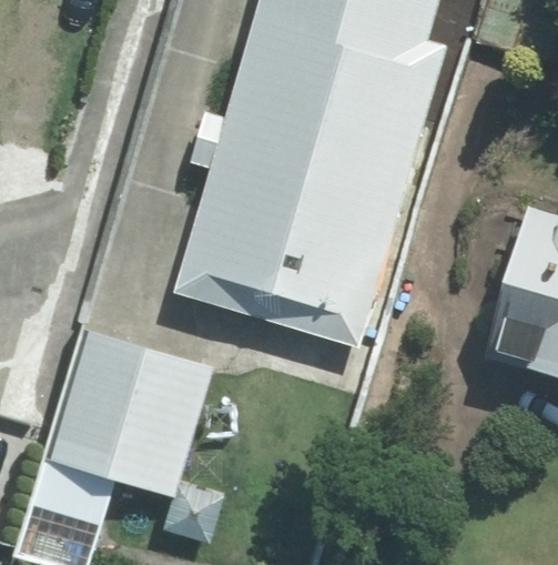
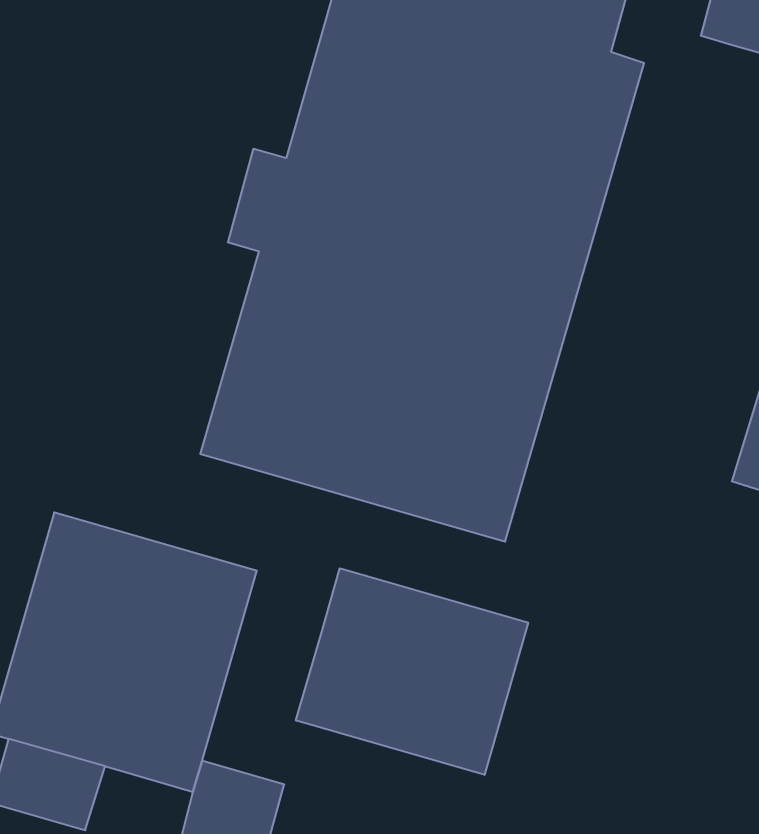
building: none -> [296,568,528,775]

